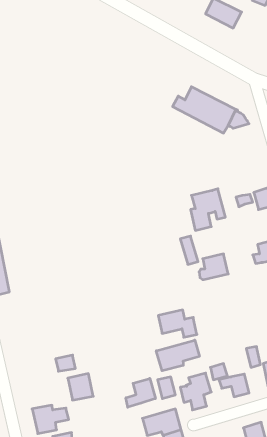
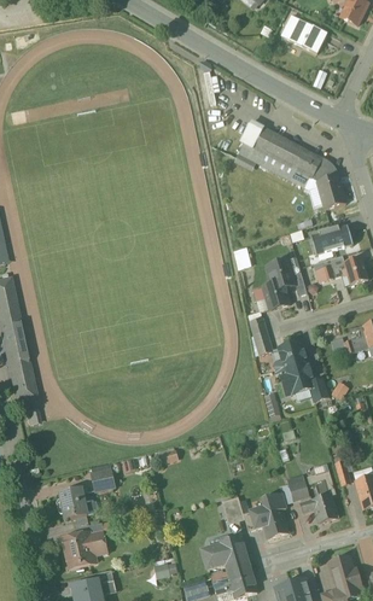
building: none -> [317,173,346,206]
building: none -> [308,221,350,251]
building: [158,310,197,337] -> [280,364,330,399]
building: [156,340,199,371] -> none
building: [68,374,93,400] -> [58,486,91,520]
building: [126,378,155,407] -> none

